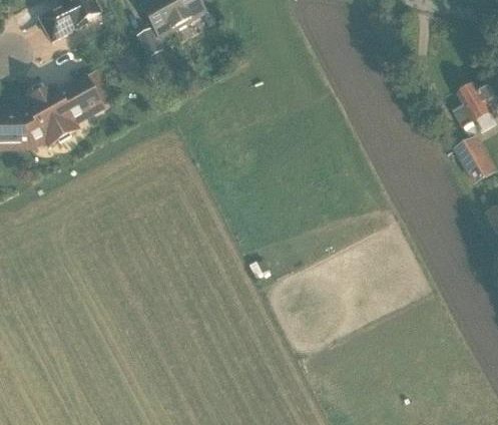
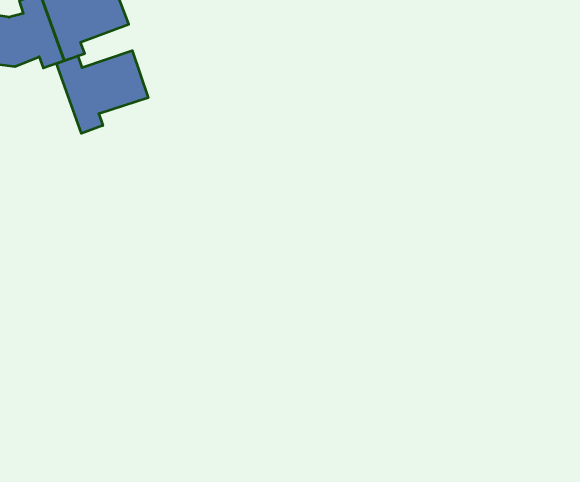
building: none -> [56,51,148,133]

